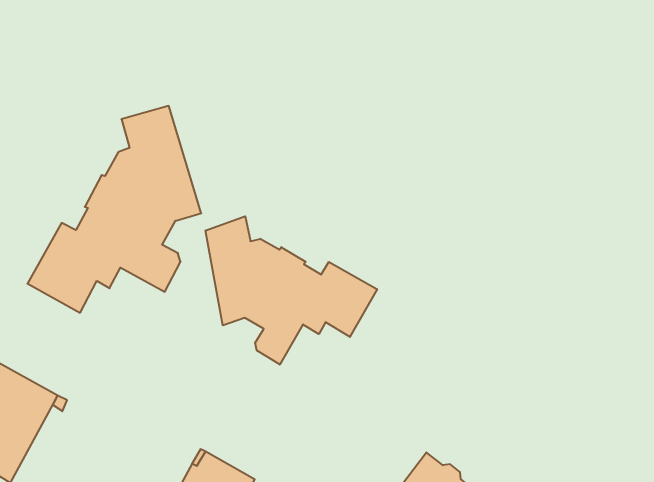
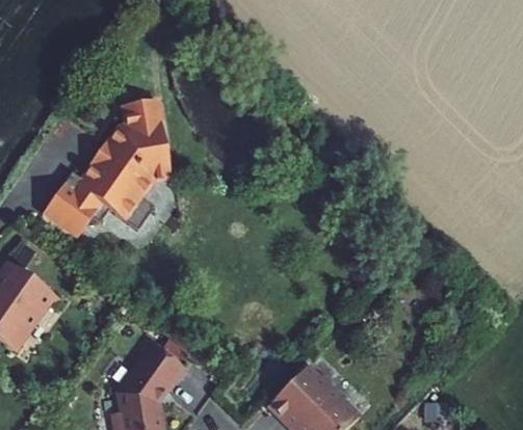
building: [206,216,377,365] -> none

